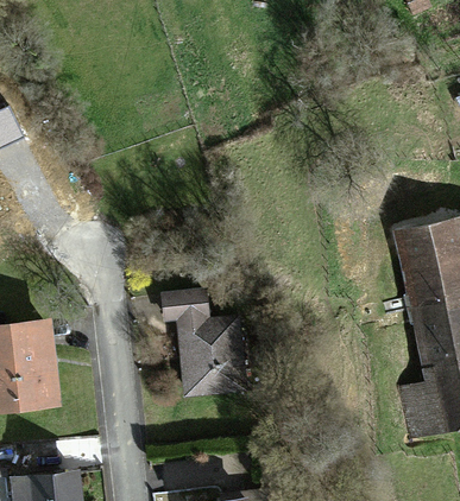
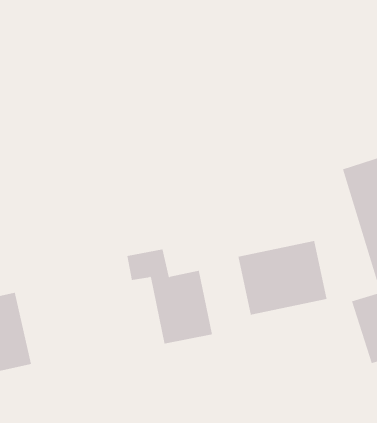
building: none -> [238,240,327,315]

